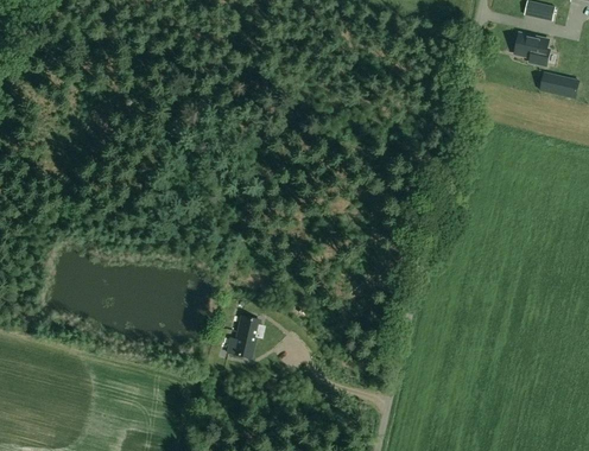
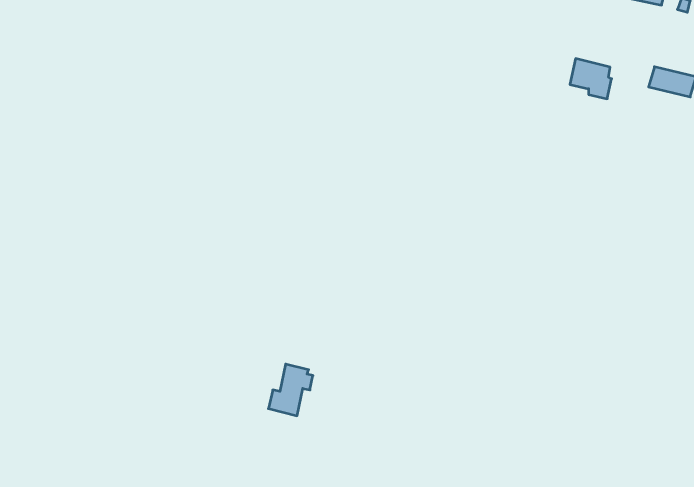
building: [514,33,549,66] -> [570,59,612,99]

